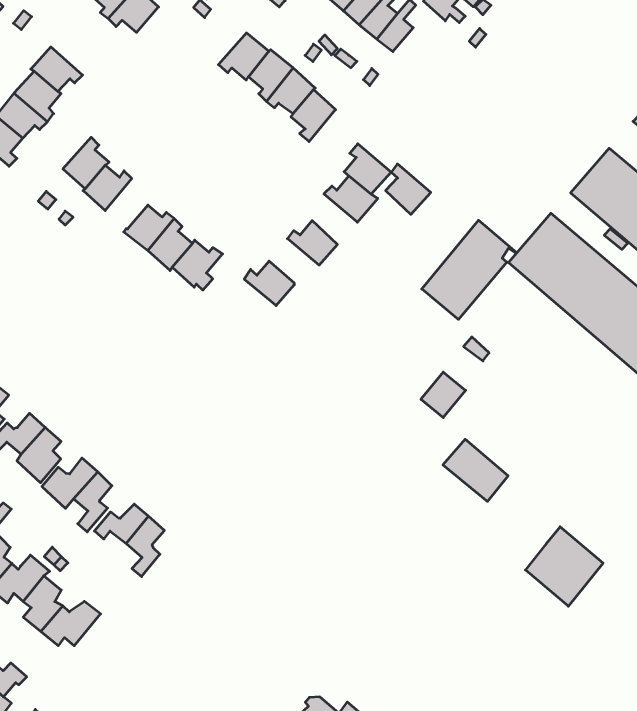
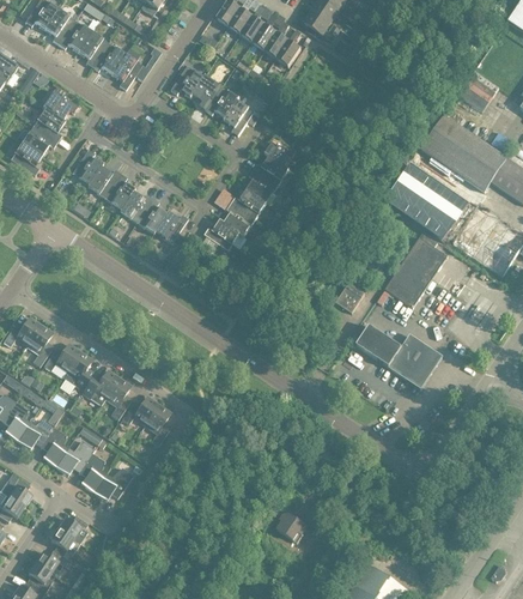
building: none -> [110,53,150,89]
building: [386,164,431,214] -> [245,168,276,201]
building: none -> [103,173,133,207]
building: [422,220,517,319] -> [384,236,446,305]
building: none -> [223,201,254,235]
building: [525,527,603,606] -> [388,333,440,387]

